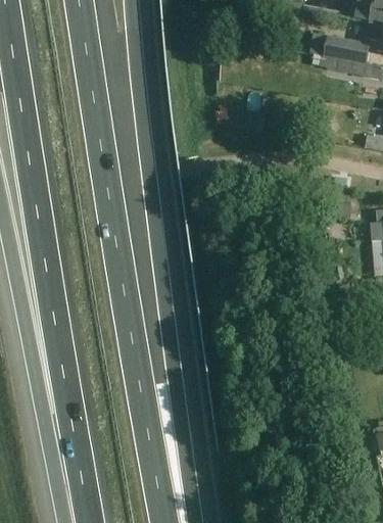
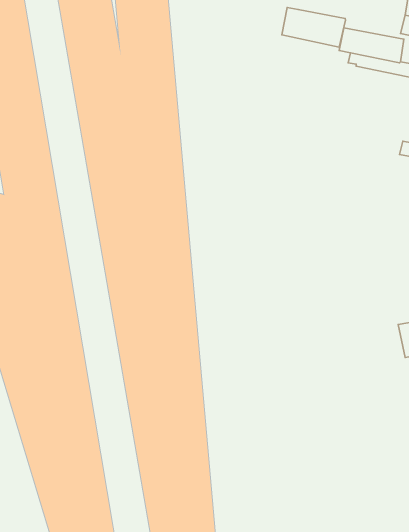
building: none -> [282,7,346,47]

